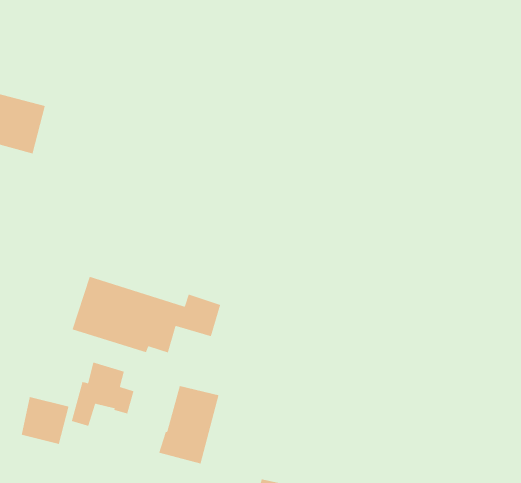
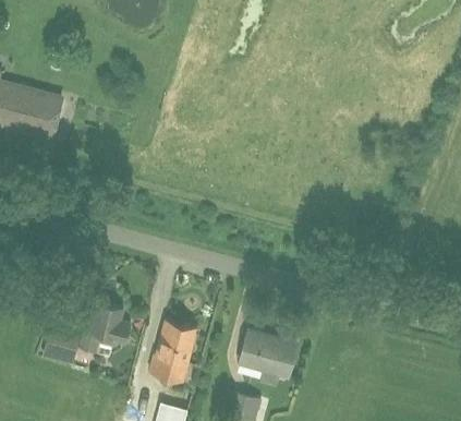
building: [71,276,221,354] -> none
building: none -> [239,328,296,381]

